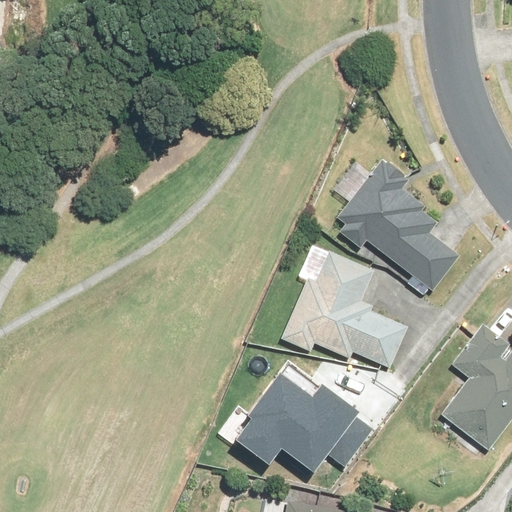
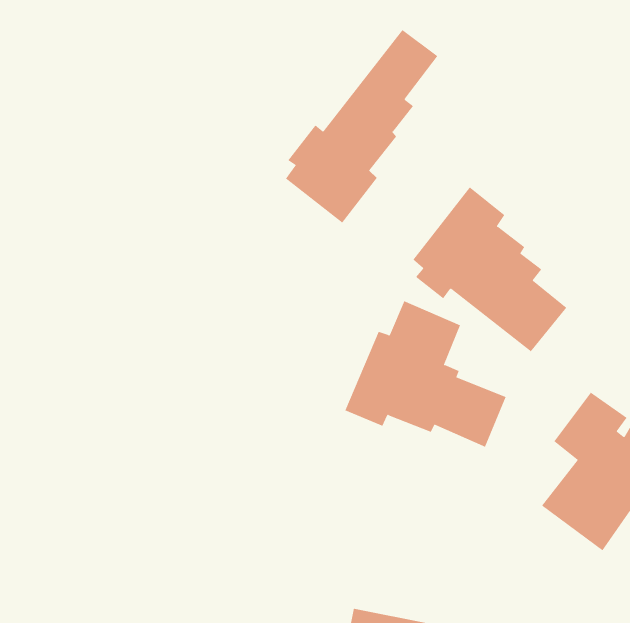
building: none -> [285,29,438,224]
building: [239,362,377,474] -> none

